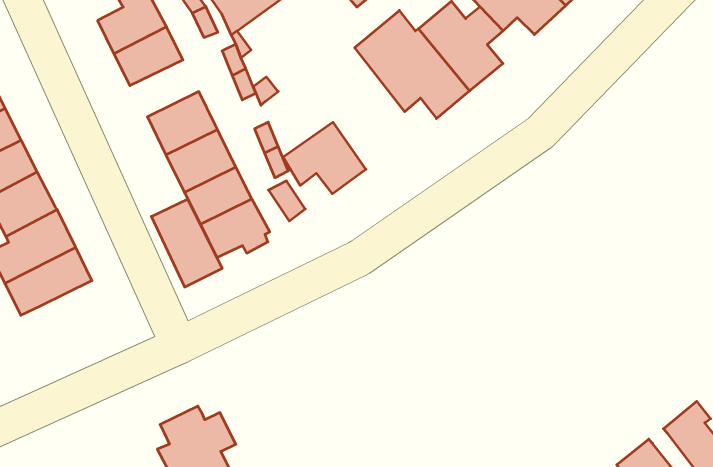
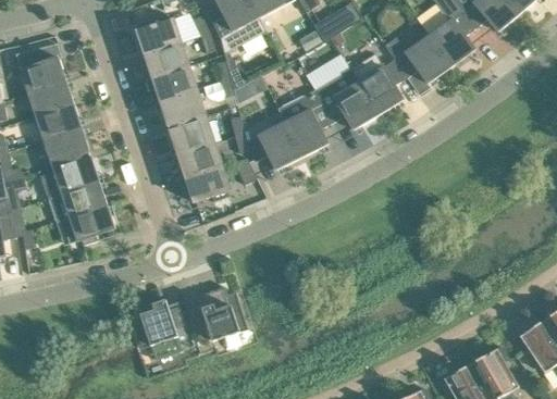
building: none -> [145,65,196,102]
building: none -> [276,89,332,157]
building: [151,199,222,287] -> none
building: none -> [69,204,113,245]
building: none -> [196,286,247,340]

